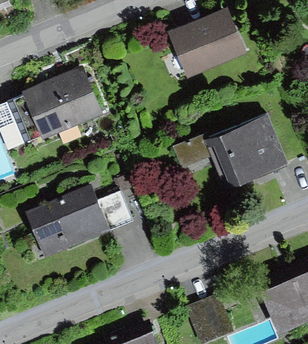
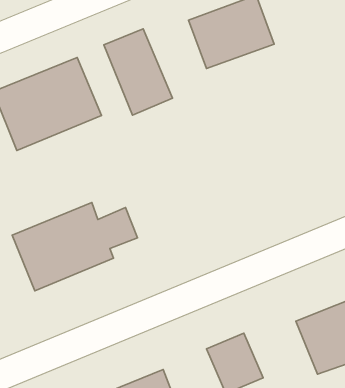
building: none -> [104,29,173,115]
building: [171,108,285,186] -> none

